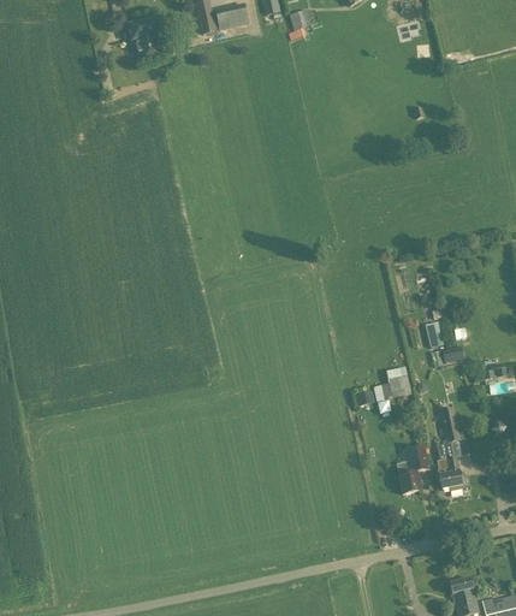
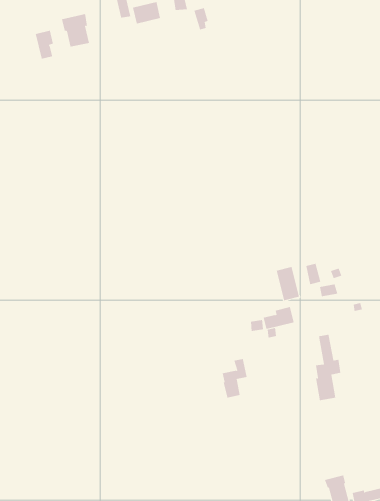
building: none -> [35,30,54,59]
building: none -> [276,266,300,301]
building: [397,445,428,493] -> [222,358,247,398]

